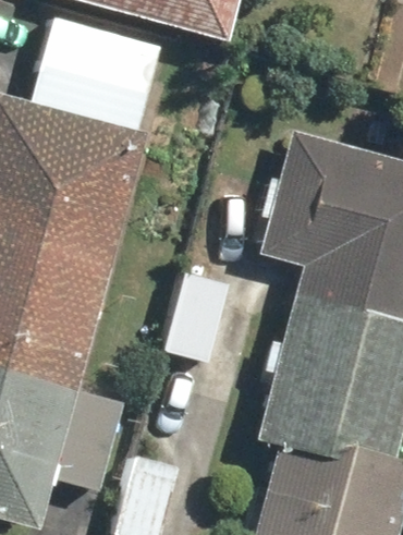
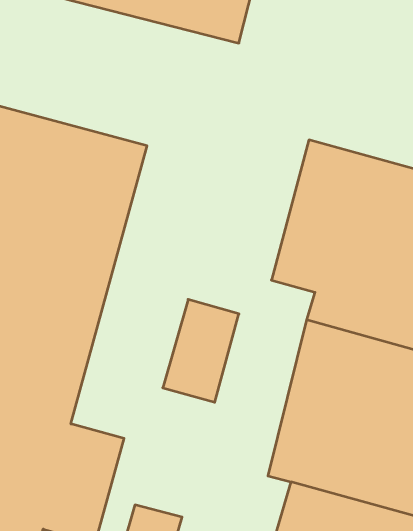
building: [32,19,161,130] -> none

